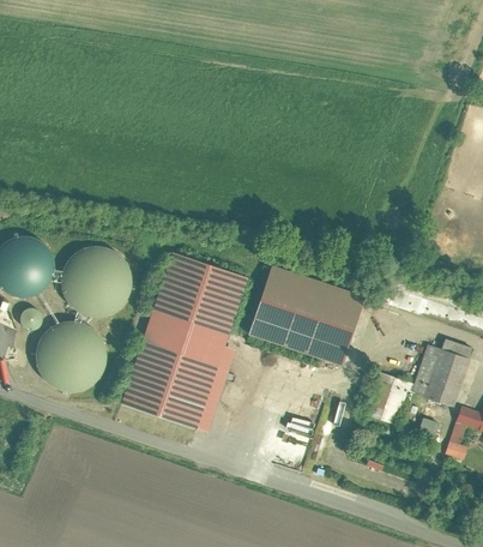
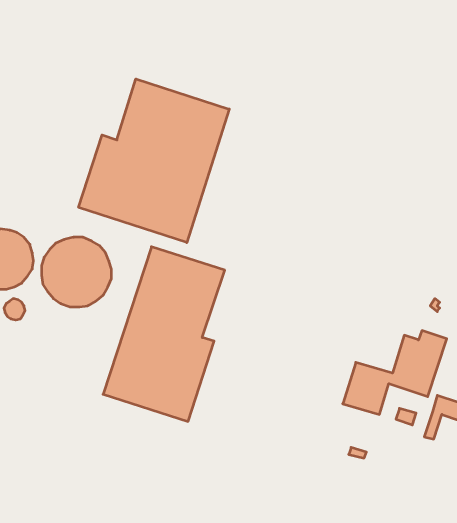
building: none -> [79,79,229,243]
building: [248,266,360,363] -> none
building: [36,323,104,390] -> none

